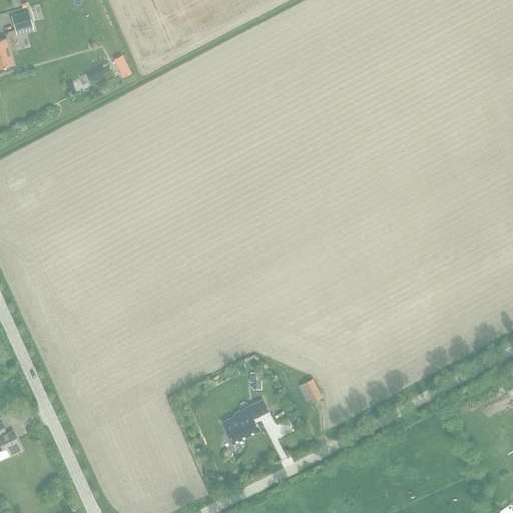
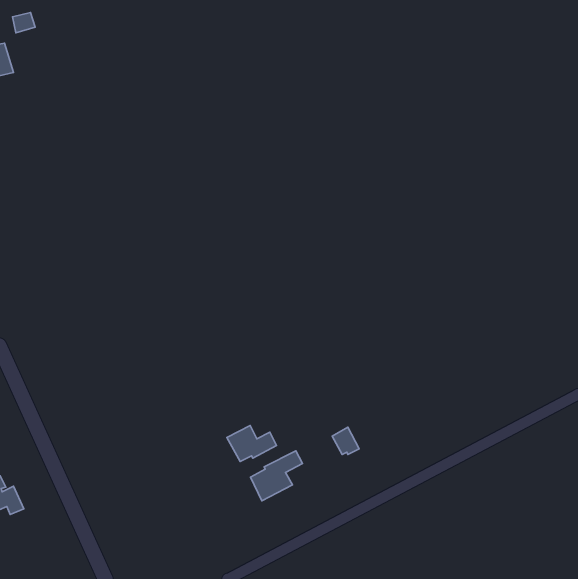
building: none -> [227,426,276,462]

